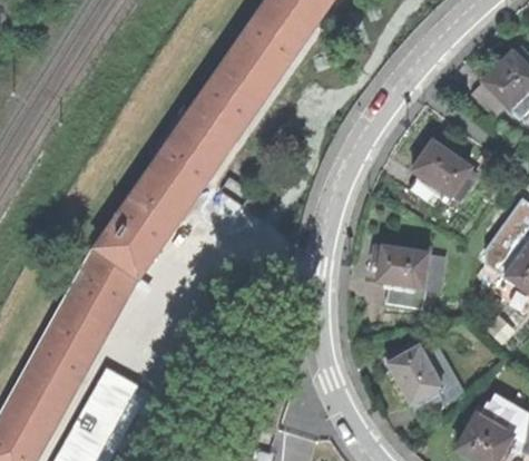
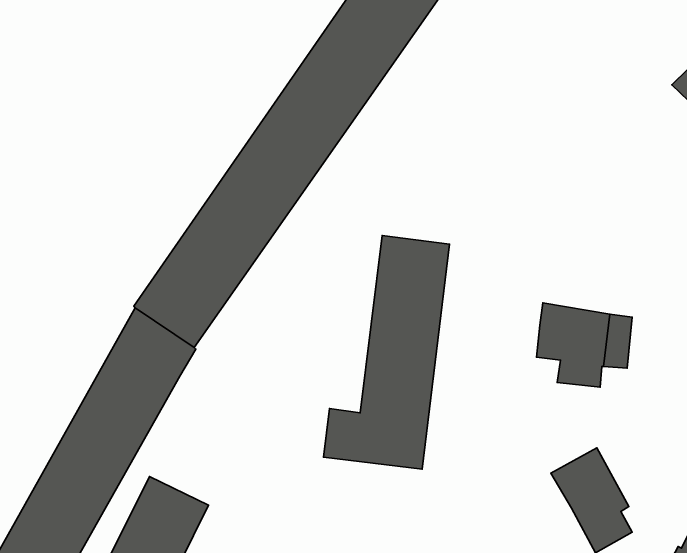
building: [409,141,474,206] -> none
building: none -> [323,235,450,469]

